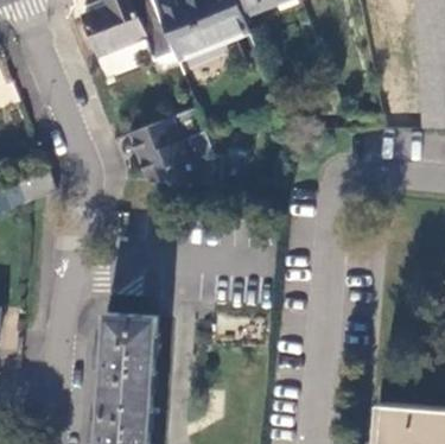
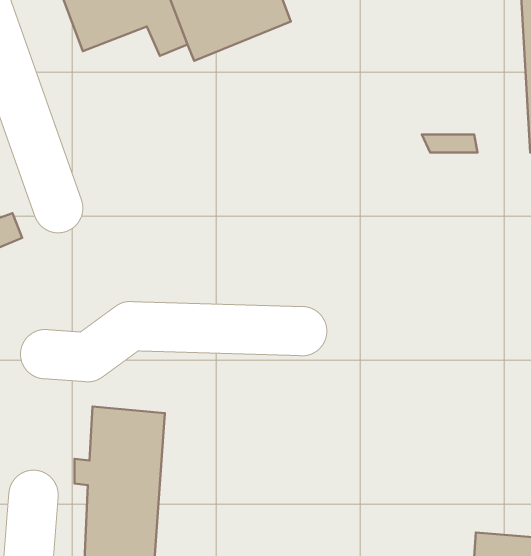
building: [138,107,227,188] -> none

